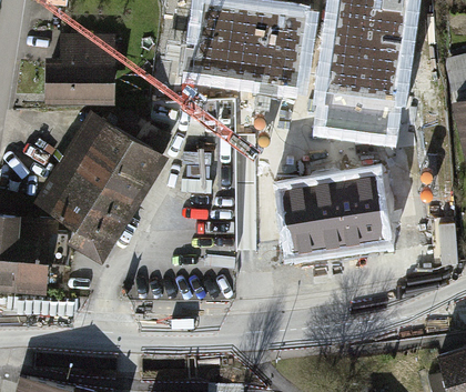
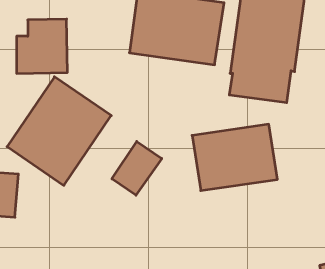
building: none -> [112,141,162,195]

